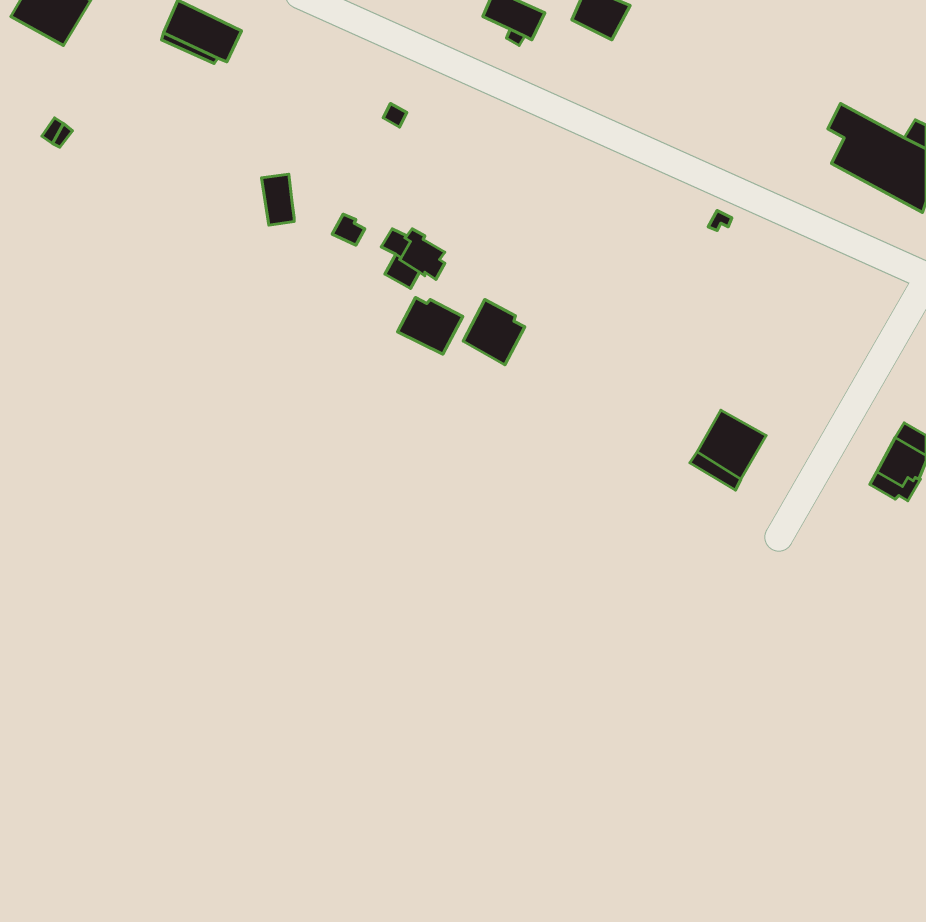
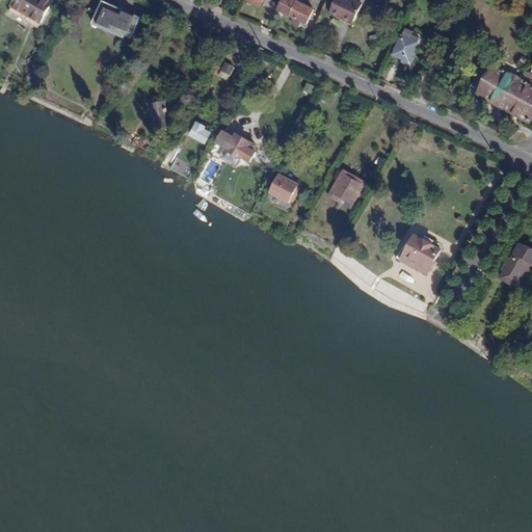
building: none -> [394,27,419,63]
building: none -> [326,167,365,208]
building: [397,297,463,354] -> none

